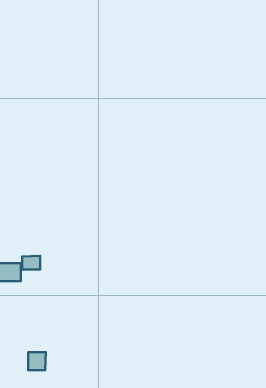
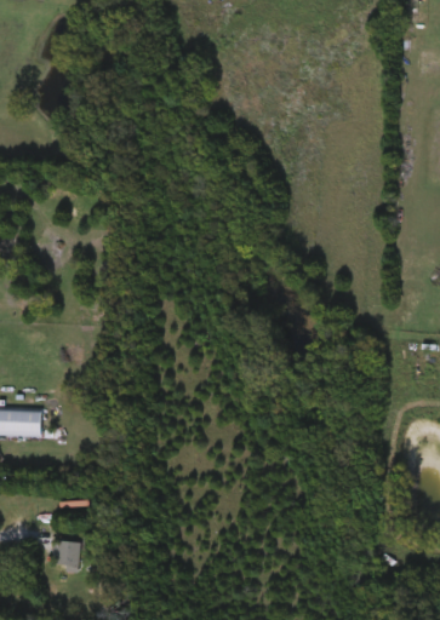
building: [22,256,40,270] -> none

